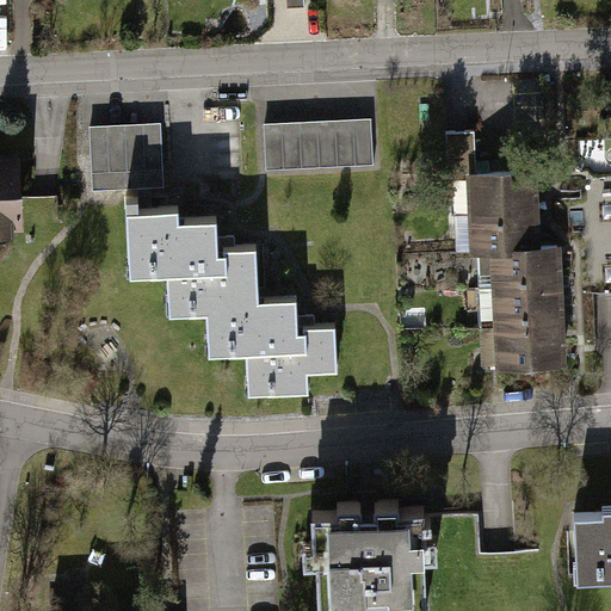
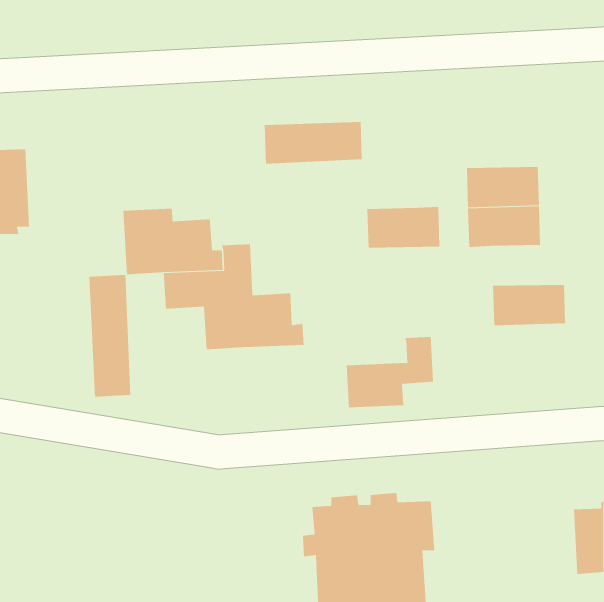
building: [90,131,156,191] -> none
building: [493,251,567,292] -> [367,206,440,248]
building: none -> [89,274,131,397]
building: [245,326,333,397] -> [346,336,434,408]
building: [495,331,569,372] -> none

